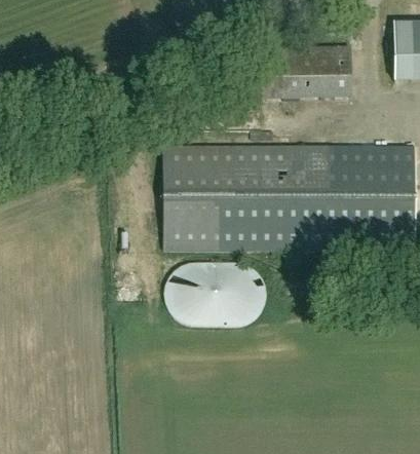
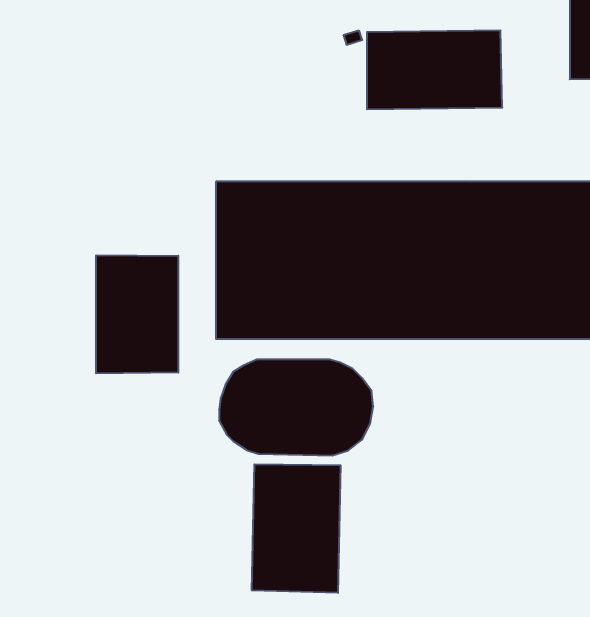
building: none -> [96,255,178,373]
building: none -> [252,464,341,593]

